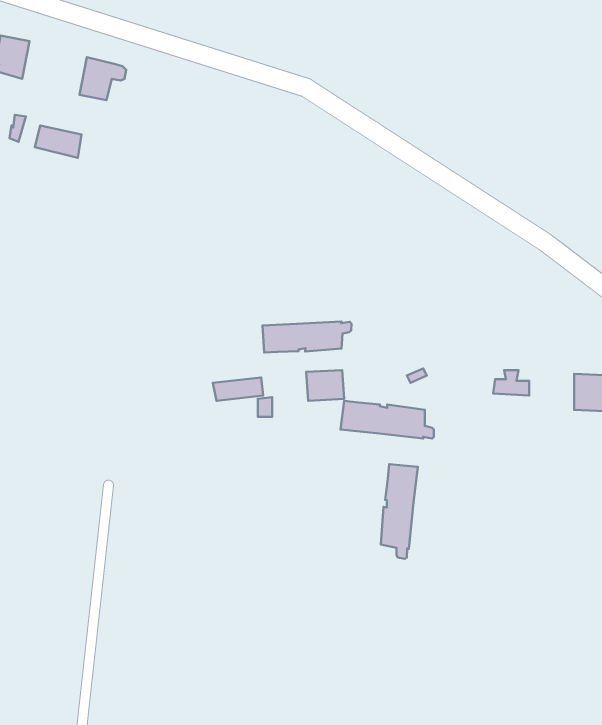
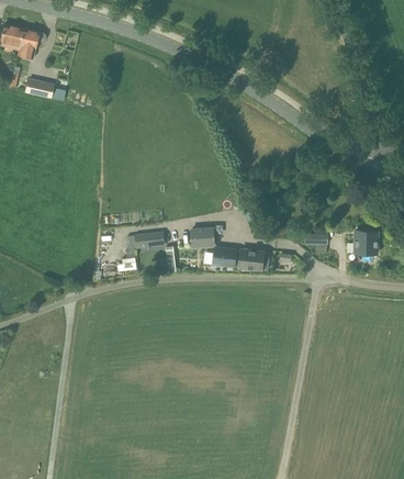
building: [79,57,126,100] -> [18,26,46,53]
building: [262,321,351,353] -> none
building: [381,464,418,559] -> none

